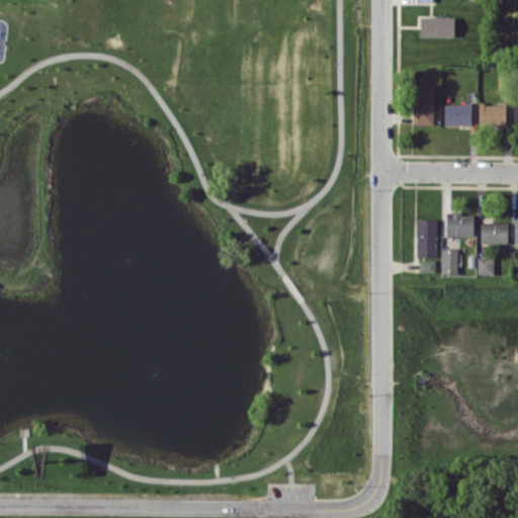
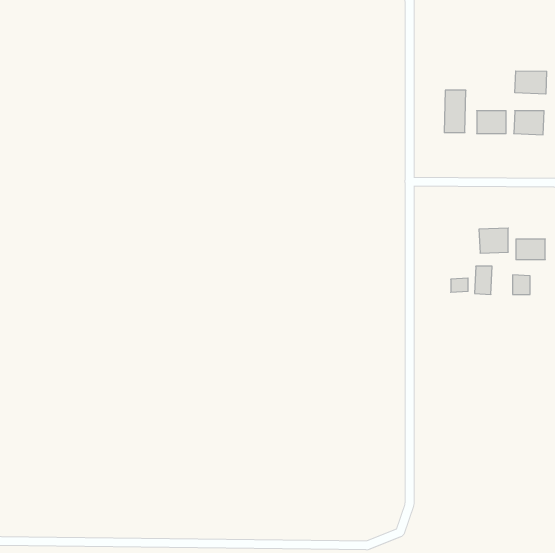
building: [420,17,454,38] -> none
building: none -> [515,71,547,94]
building: [416,221,437,259] -> none

